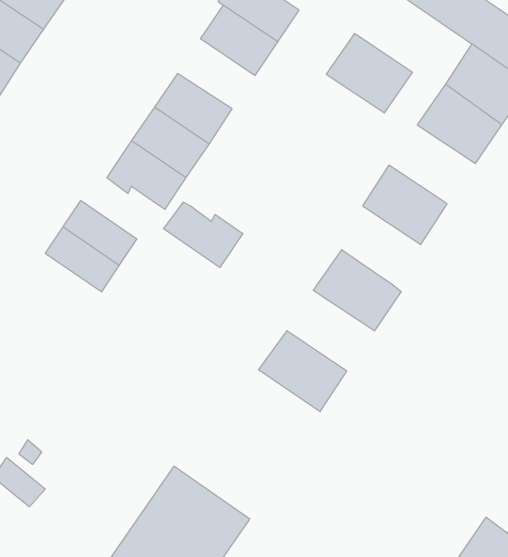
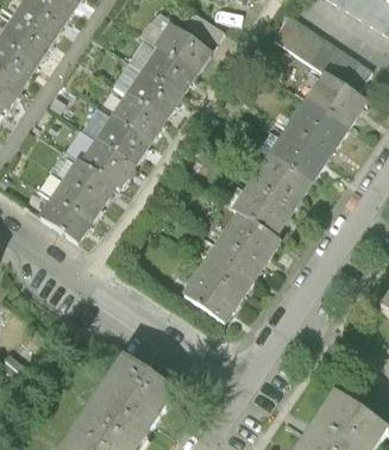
building: [326,34,413,113] -> [269,129,327,182]
building: none -> [126,70,178,118]
building: [164,202,243,267] -> [61,162,114,206]
building: none -> [232,183,290,237]
building: none -> [200,240,259,295]

